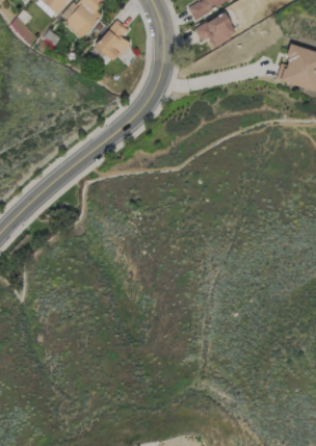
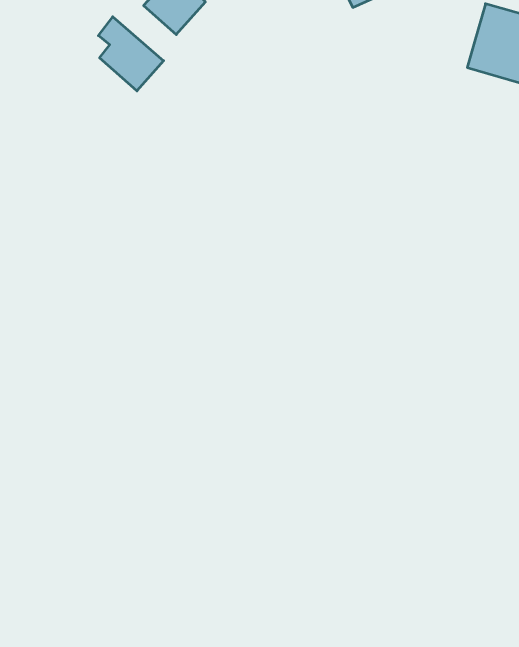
building: none -> [98,17,164,91]

